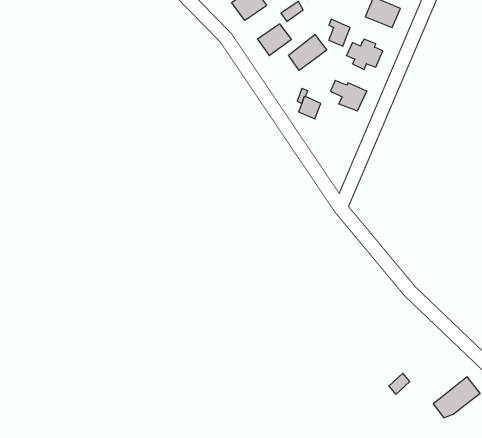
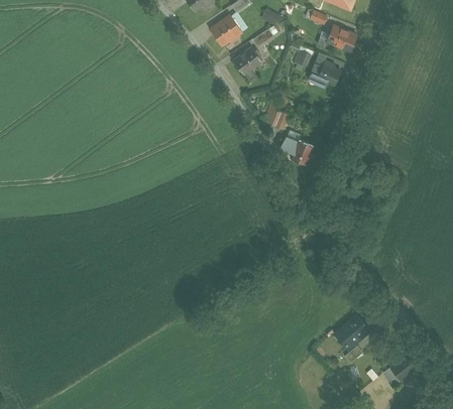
building: [289,35,327,70] -> none
building: [331,80,367,111] -> [282,138,314,164]
building: none -> [341,318,370,351]

